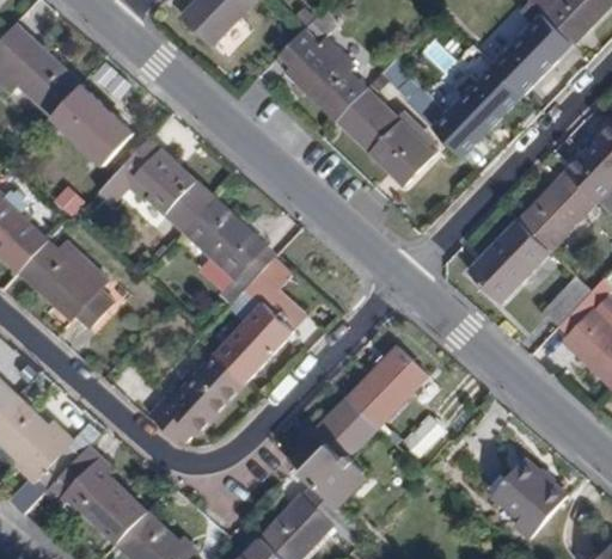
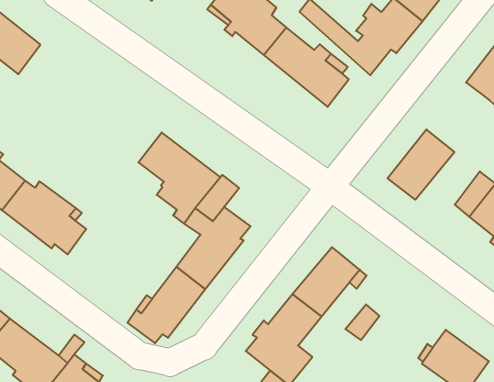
building: [51,85,131,159] -> none
building: [98,139,212,231] -> none
building: [518,171,593,250] -> none

